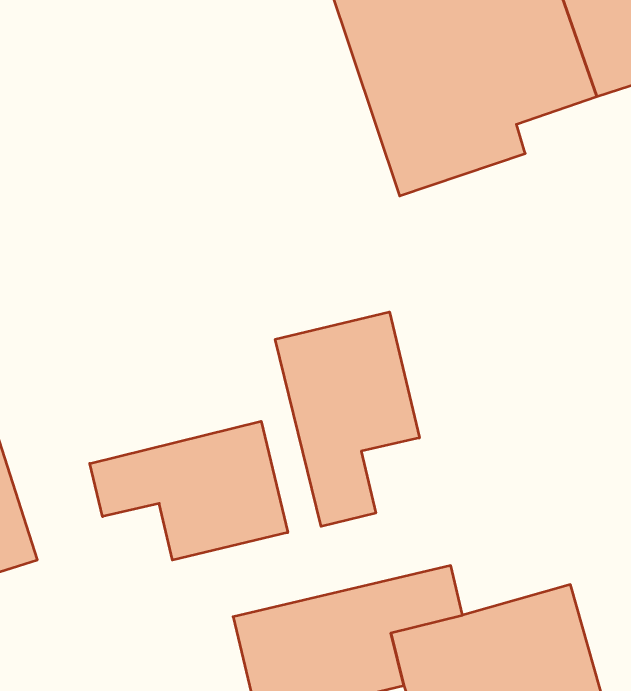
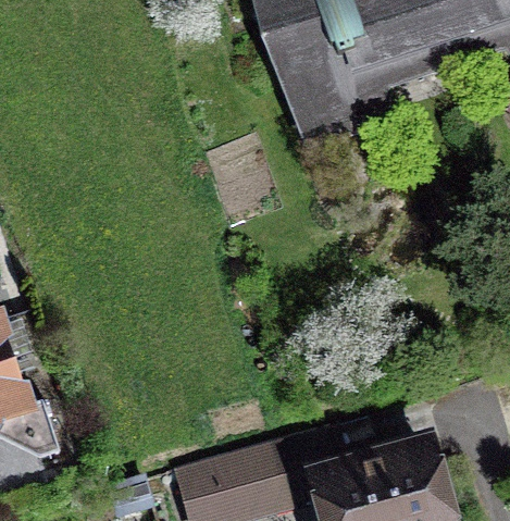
building: [275,312,419,526] -> none
building: [90,421,288,560] -> none

